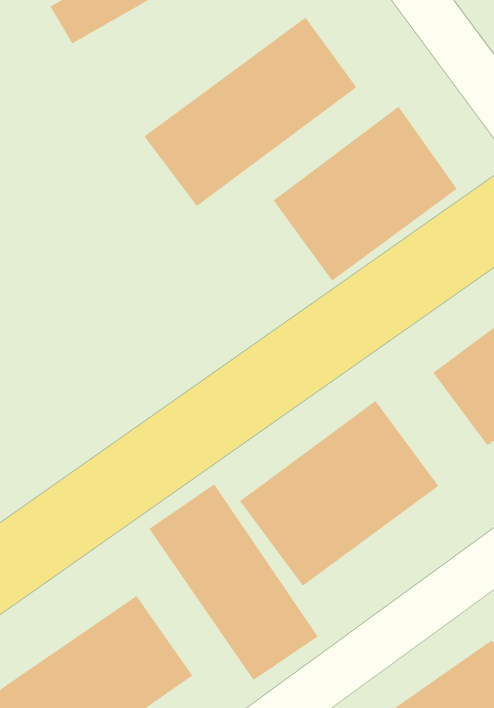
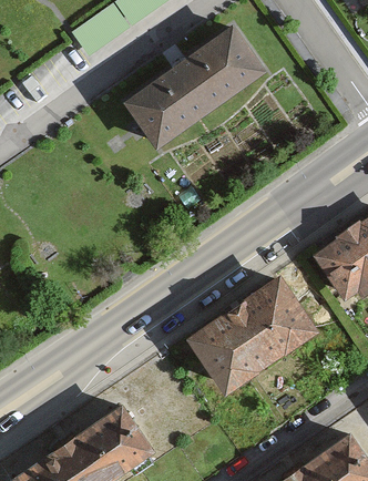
building: [273,106,458,281] -> none
building: [149,483,318,681] -> none

